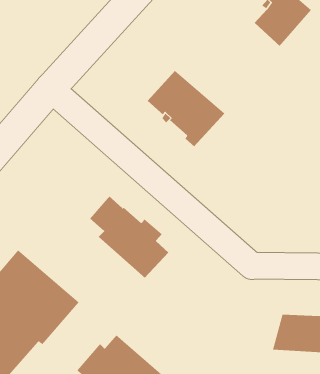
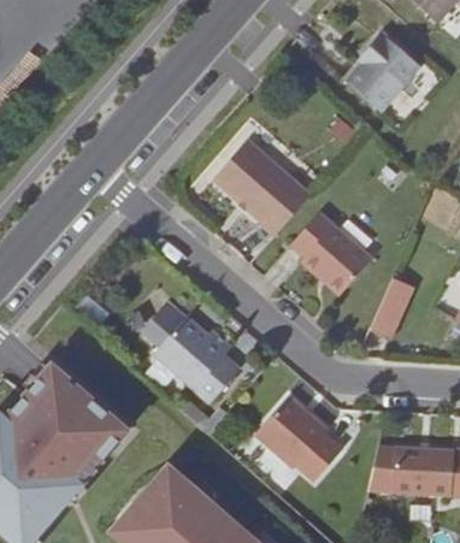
building: none -> [289,212,368,295]
building: none -> [368,272,417,336]
building: none -> [258,394,344,478]

